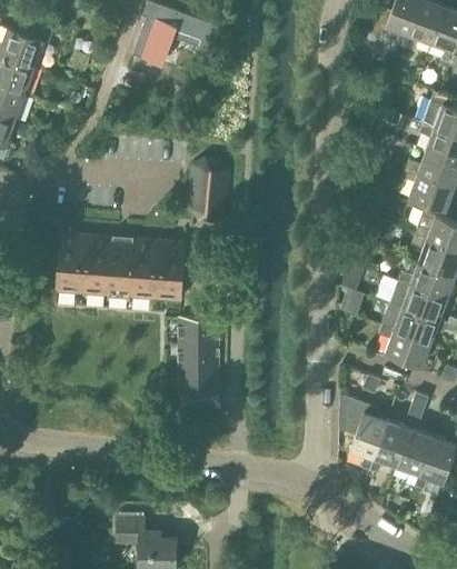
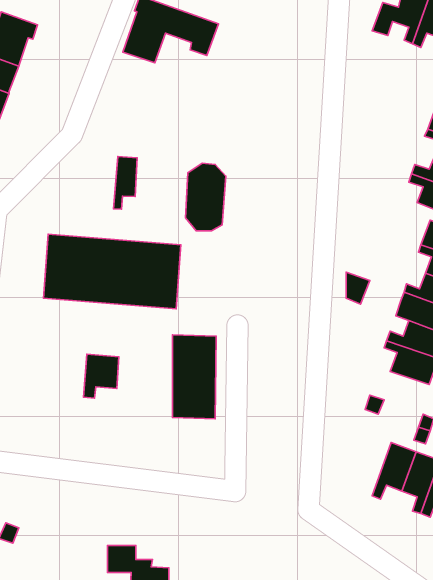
building: none -> [114,157,137,209]
building: none -> [83,354,119,398]
building: [338,397,386,472] -> none

